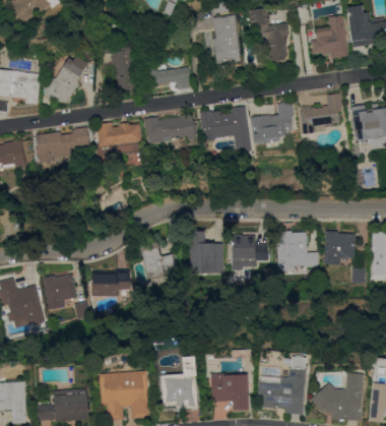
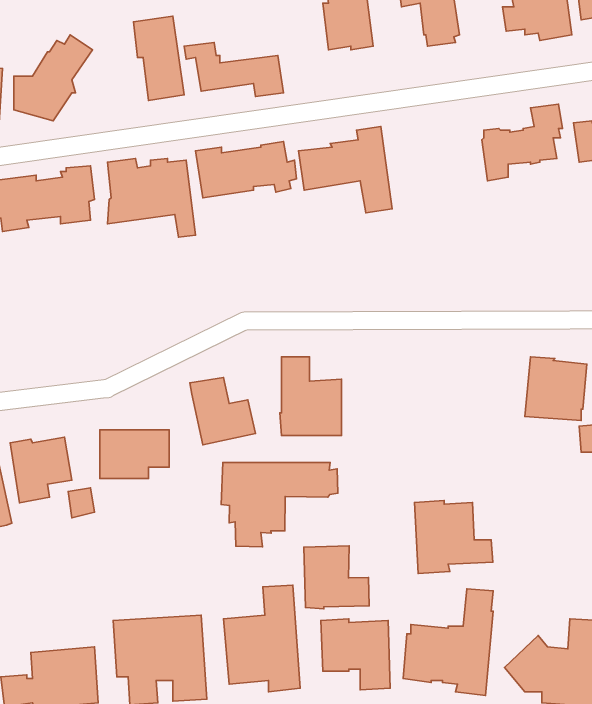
building: [249,102,294,145] -> none
building: [275,231,318,270] -> [414,501,493,574]
building: [233,235,271,261] -> none
building: none -> [221,462,338,547]
building: none -> [304,546,369,609]

